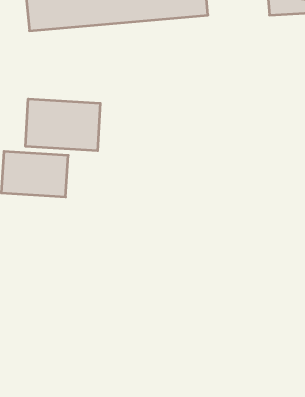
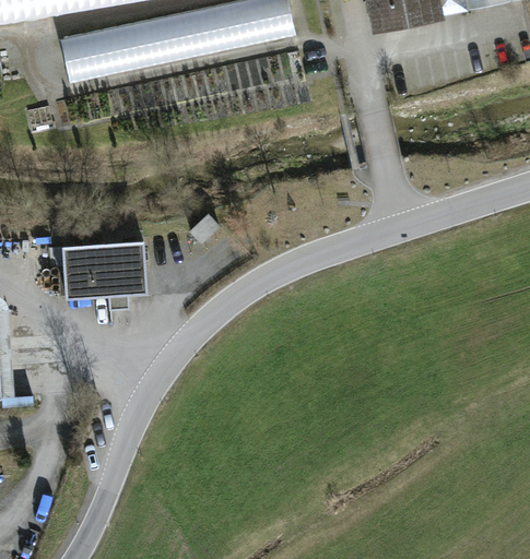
building: [26,99,100,151] -> none

